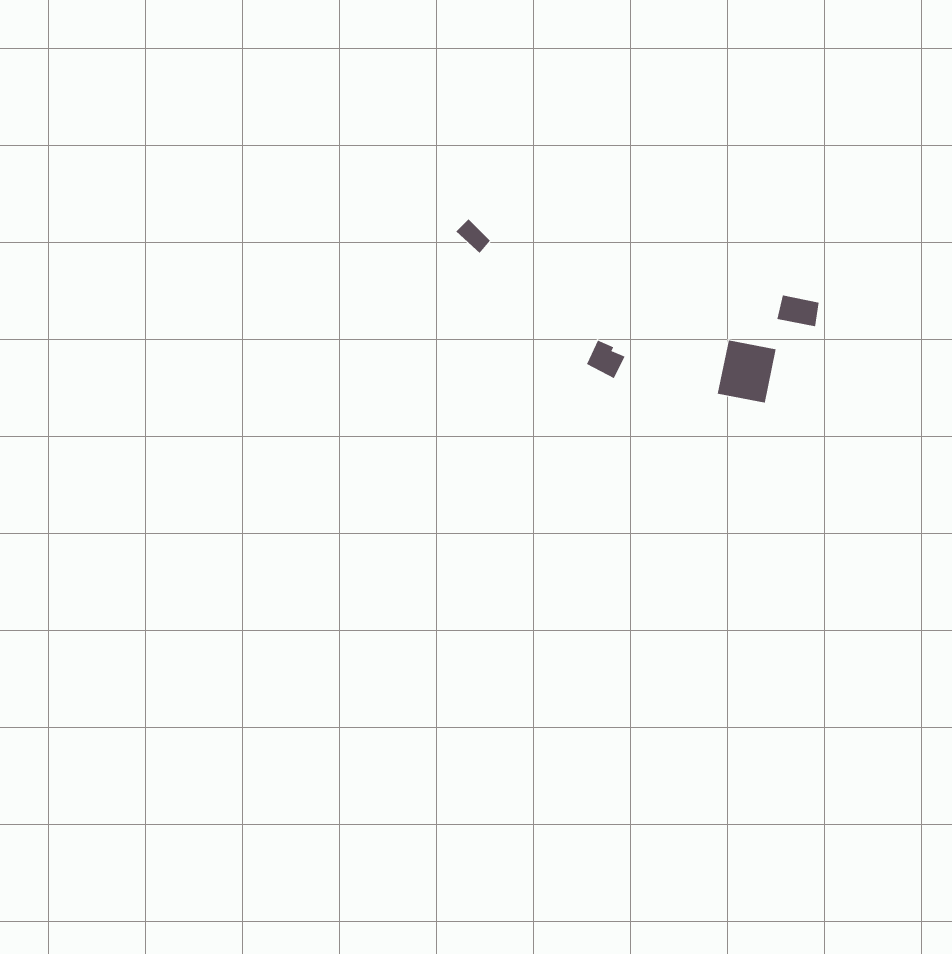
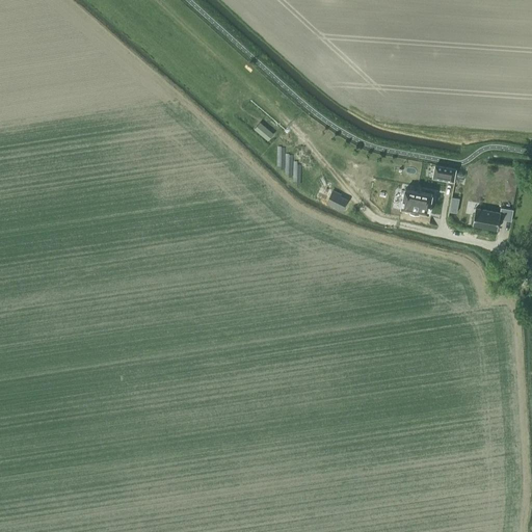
building: none -> [474,207,514,229]

